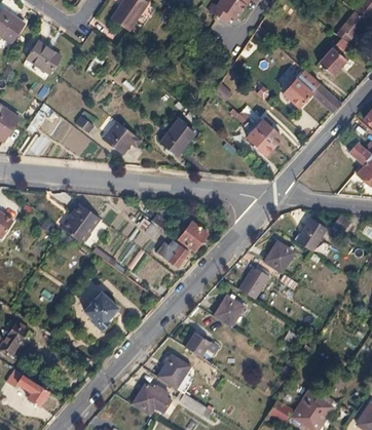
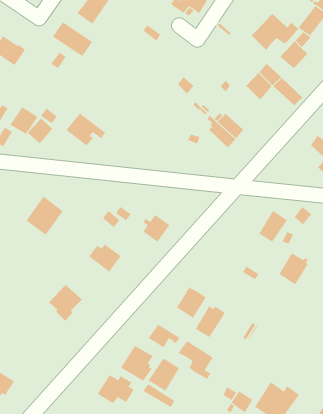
building: none -> [251,13,299,51]
building: none -> [52,21,93,57]
building: [160,120,193,155] -> none
building: [155,240,189,269] -> [88,244,122,272]
building: [263,241,294,274] -> [278,253,309,285]
building: [238,267,269,300] -> [195,305,225,338]
building: none -> [178,340,214,380]
building: none -> [148,358,180,392]

